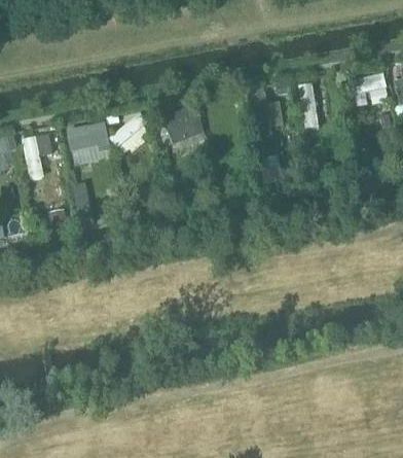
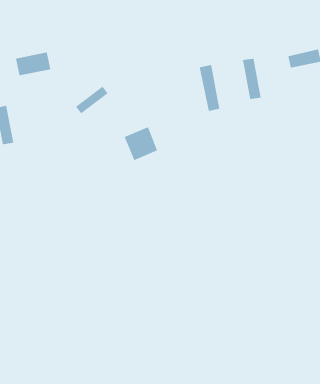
building: [162,105,200,143] -> [124,127,158,161]
building: [68,125,108,151] -> [15,52,51,76]

